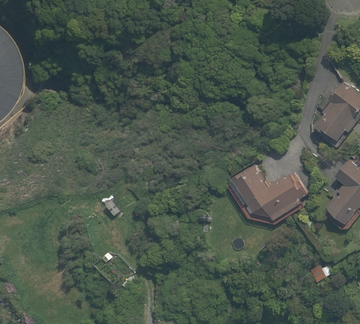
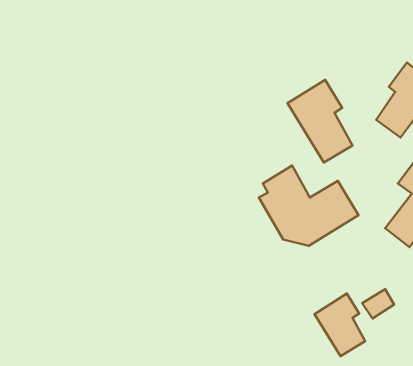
building: none -> [287,80,352,163]
building: none -> [314,294,365,356]

